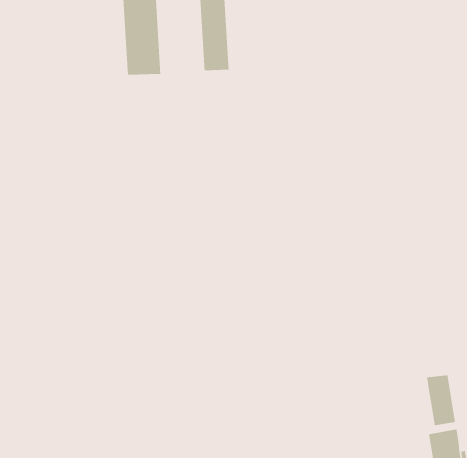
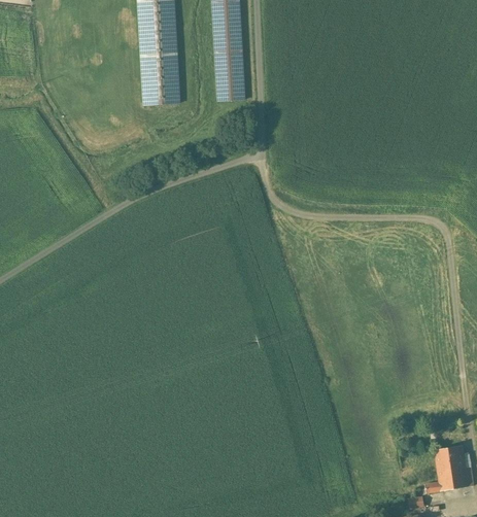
building: [426,374,456,426] -> none

